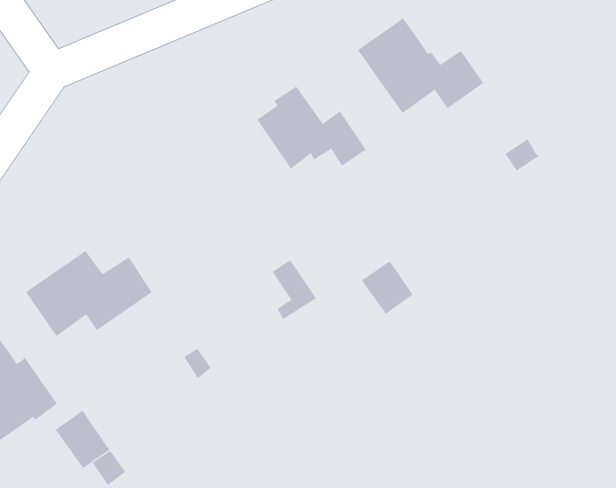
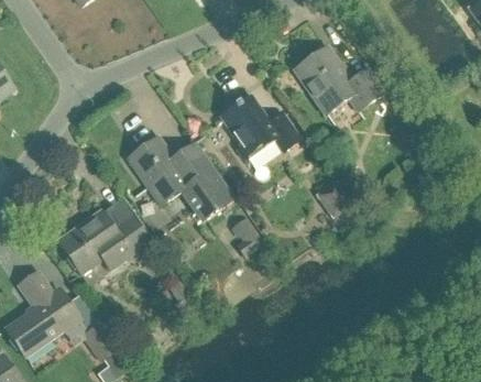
building: none -> [129,137,233,219]
building: [361,260,413,315] -> [315,179,352,218]

